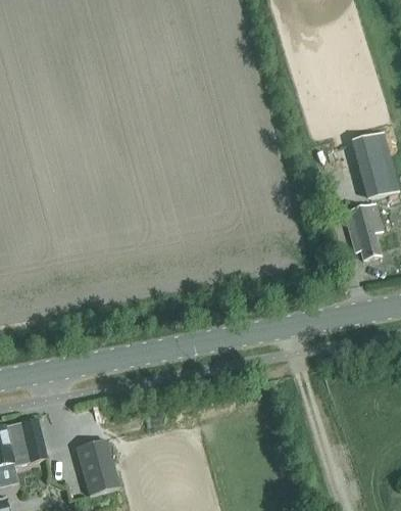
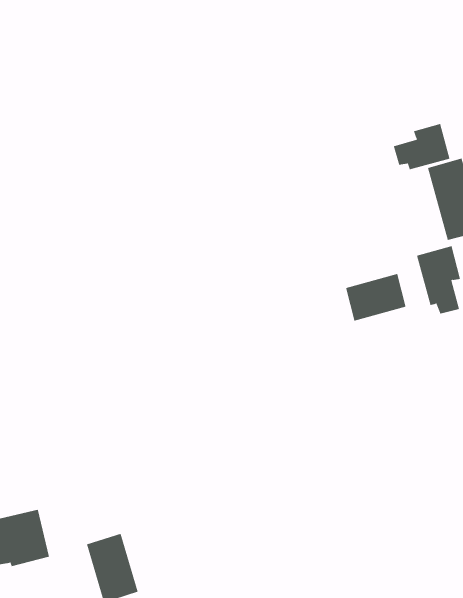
building: none -> [393,123,450,170]
building: none -> [346,273,406,321]

